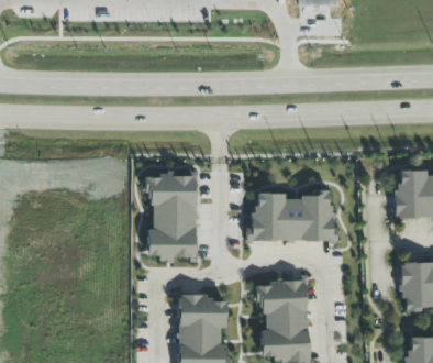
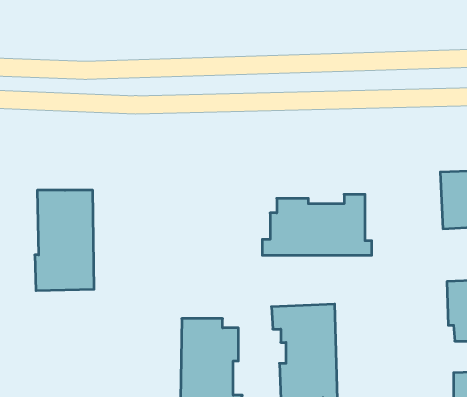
building: [148,176,198,260] -> [35,190,94,291]

